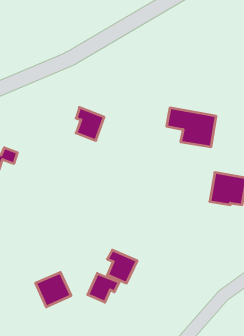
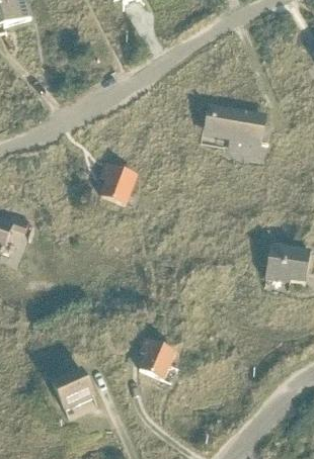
building: [167,108,216,147] -> [203,105,263,153]
building: [88,273,119,302] -> none

